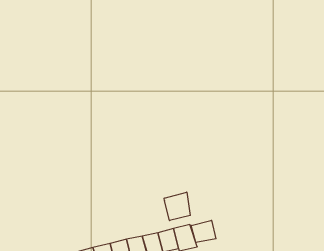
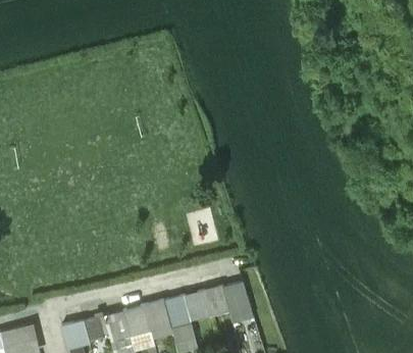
building: [164,192,190,221] -> none
building: [191,220,216,243] -> none

